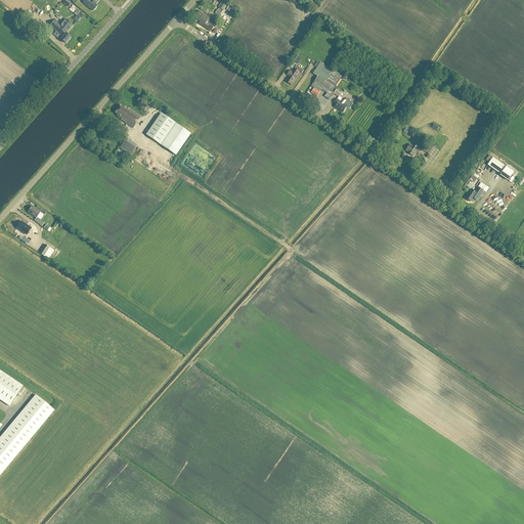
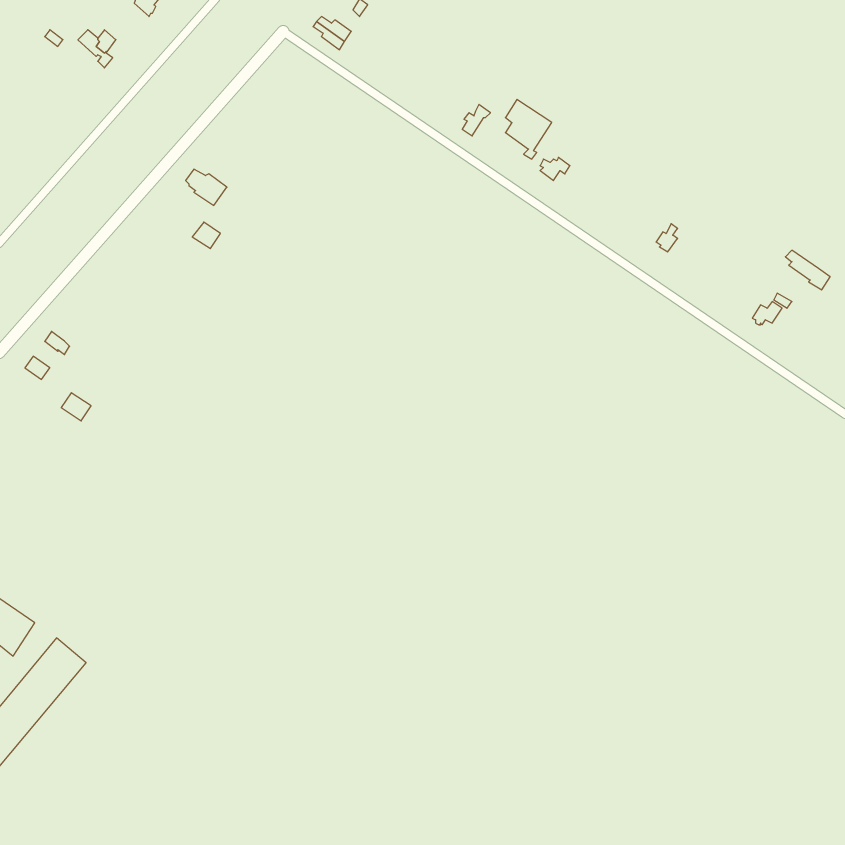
building: [145,113,189,154] -> none

